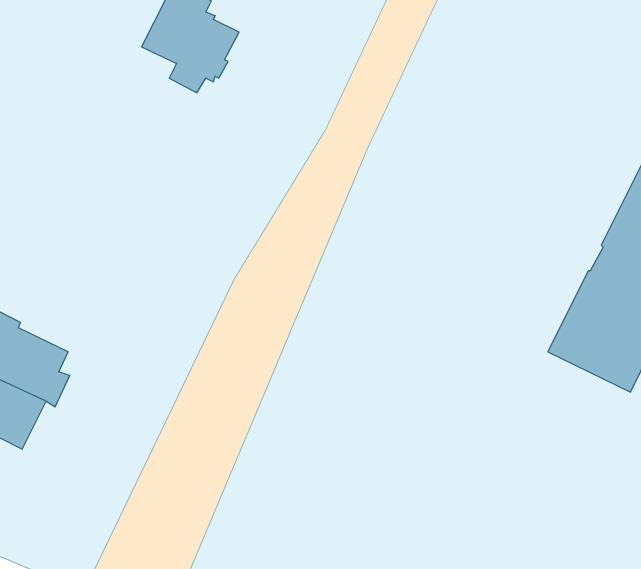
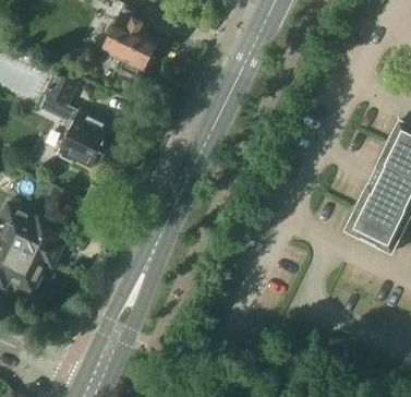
building: none -> [39,71,111,165]

